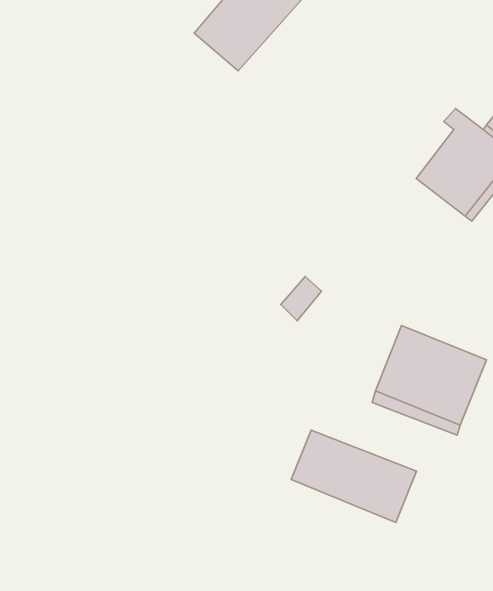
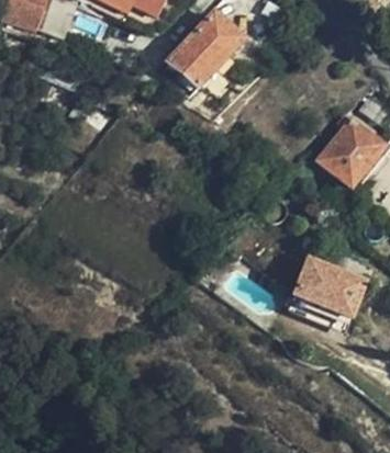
building: [291,430,416,522] -> none

